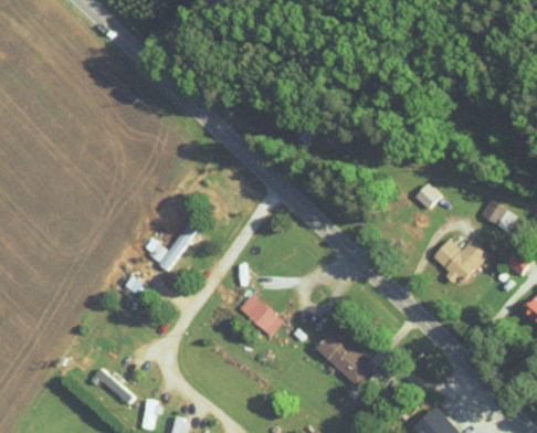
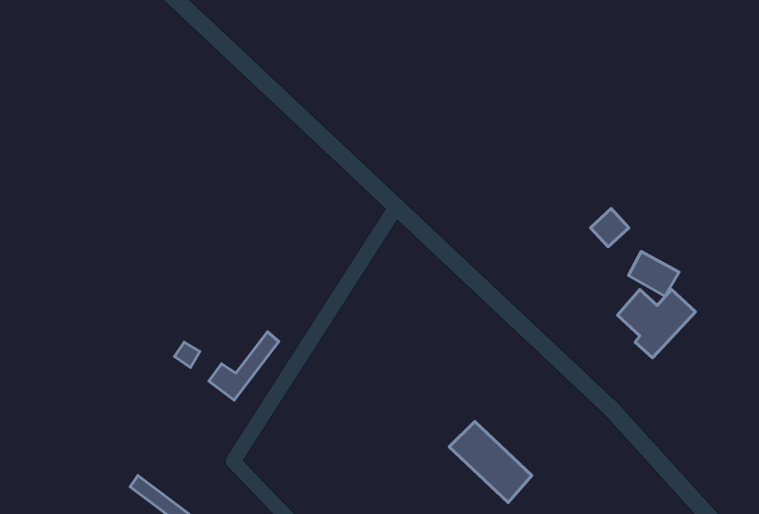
building: [482,200,517,231] -> [628,252,679,296]
building: [149,221,198,268] -> [209,332,279,400]
building: [239,294,282,336] -> none

